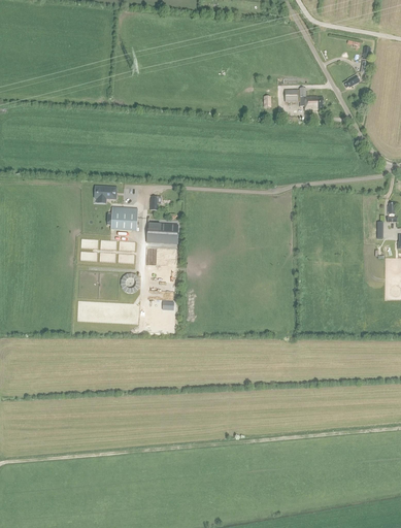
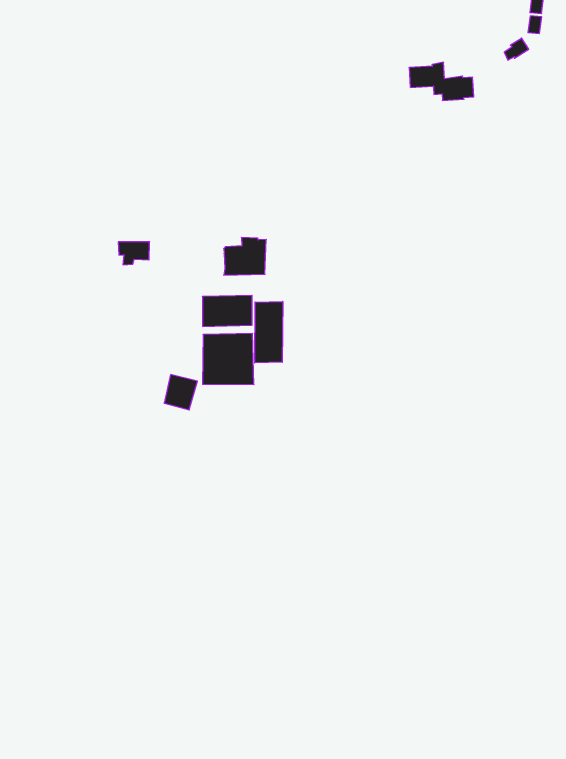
building: [109,206,137,230] -> [224,238,266,275]
building: none -> [255,301,283,363]

